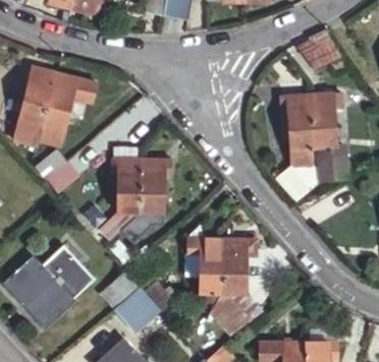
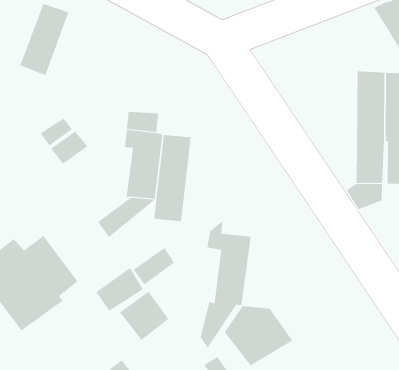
building: [43,72,87,147] -> none
building: [215,233,247,289] -> none

